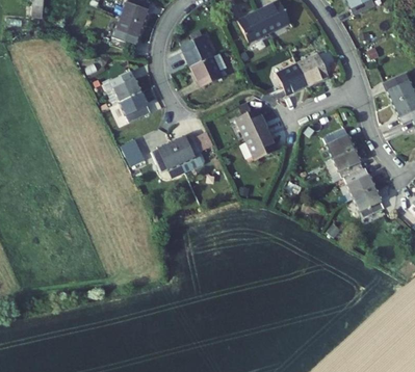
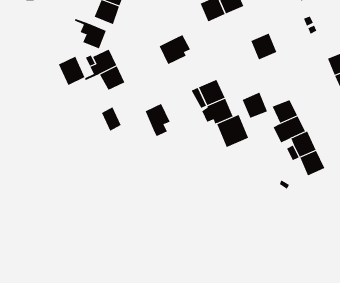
building: none -> [74,18,107,49]
building: [179,37,210,68] -> none
building: [276,61,306,92] -> [242,92,268,119]
building: none -> [58,56,85,86]
building: [153,143,186,179] -> none
building: none -> [216,114,249,148]

